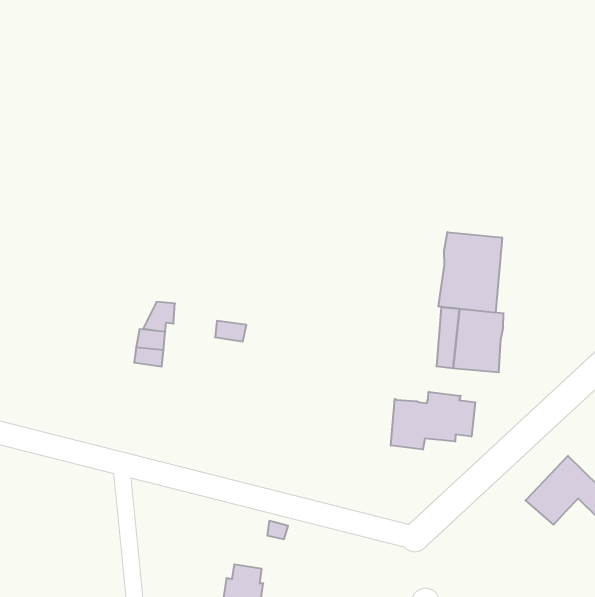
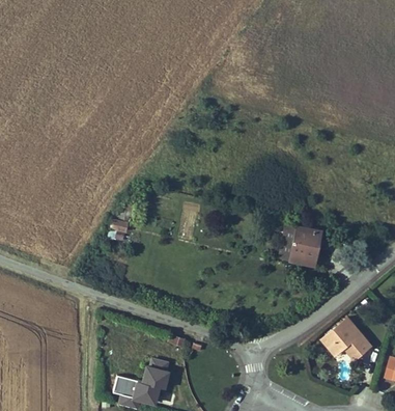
building: [439,232,502,313] -> none
building: [391,392,475,450] -> none

